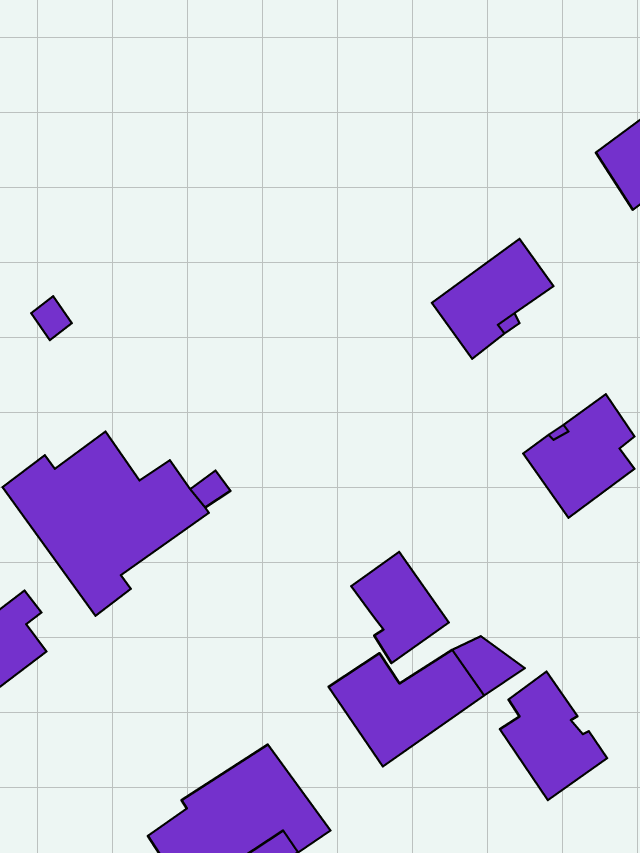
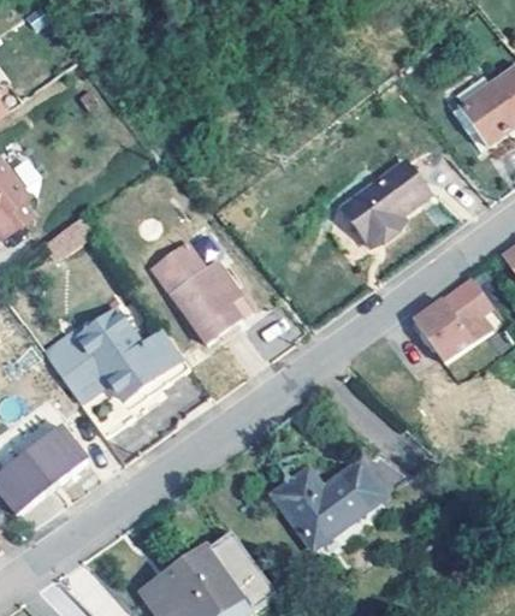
building: none -> [152,239,250,339]
building: [351,552,449,663] -> none
building: [500,672,607,800] -> none

